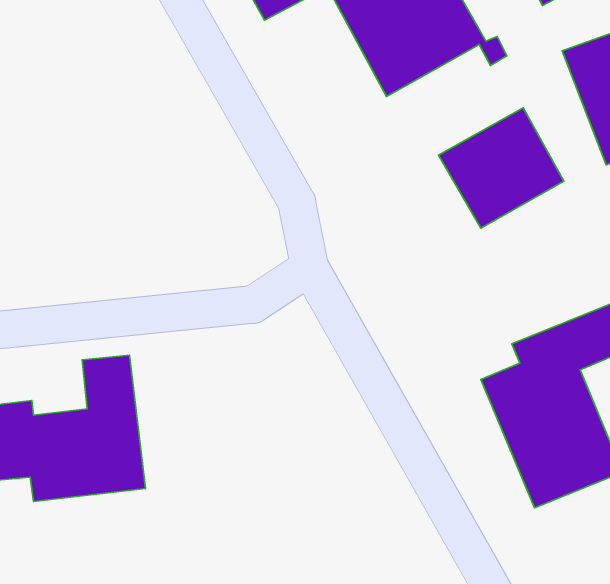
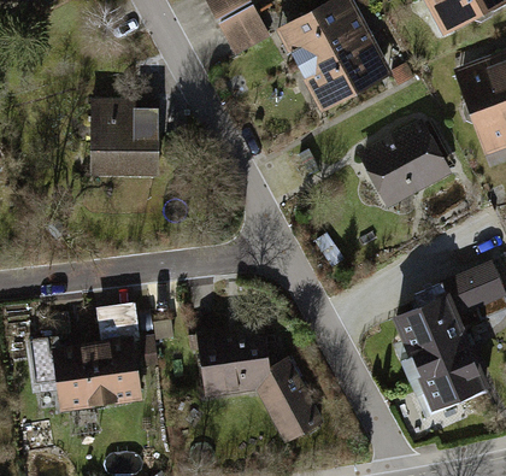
building: none -> [88,94,159,182]
building: none -> [192,323,329,448]

